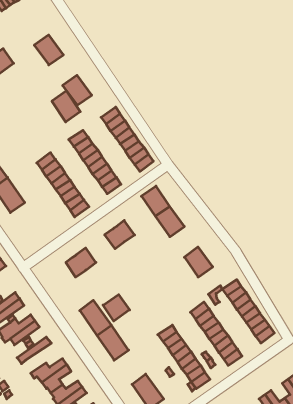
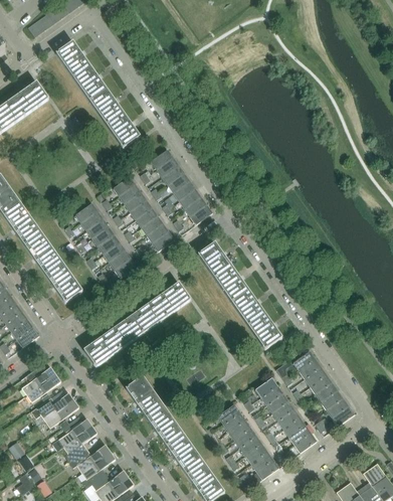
building: none -> [55,40,89,76]
building: [52,91,80,122] -> [89,88,123,124]
building: none -> [44,261,82,302]
building: none -> [231,289,264,325]
building: none -> [133,299,167,331]
building: none -> [83,331,121,366]
building: [103,295,130,321] -> none
building: none -> [62,426,97,461]
building: none -> [166,434,203,474]

